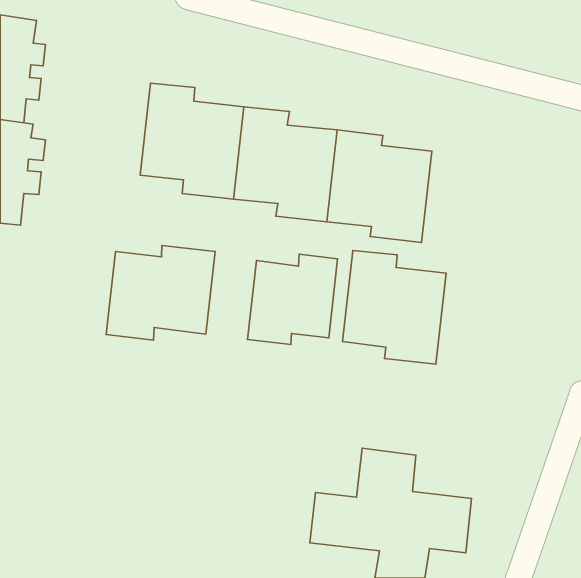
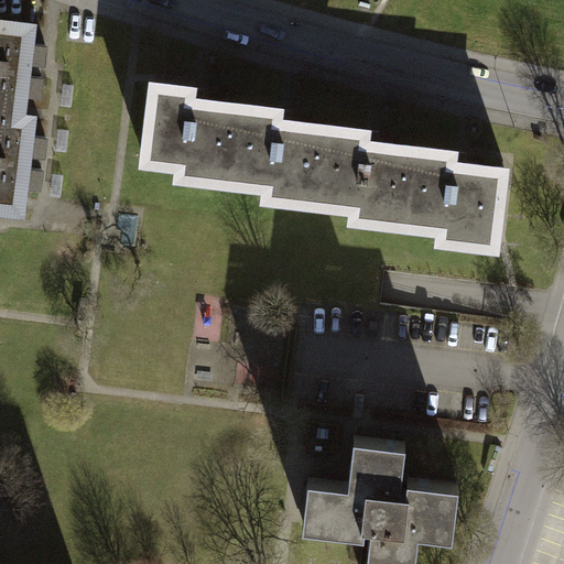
building: [106,246,215,340] -> none
building: [342,250,446,364] -> [409,147,509,257]
building: [248,254,338,344] -> none

